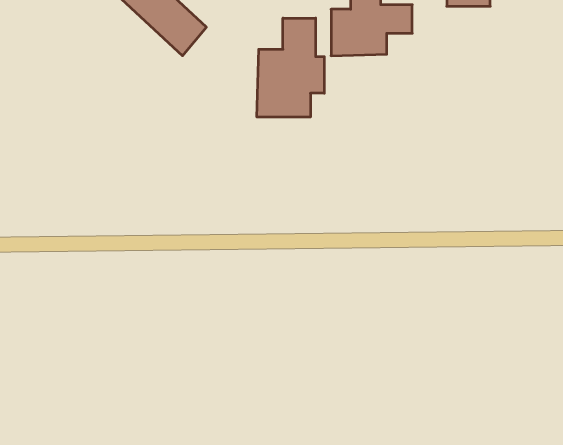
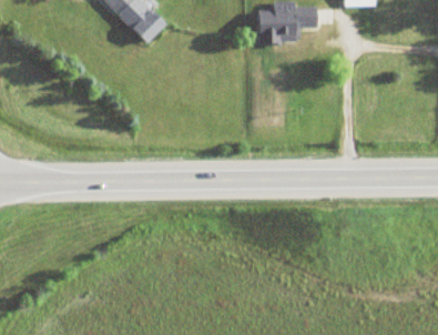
building: [257,18,324,117] -> none

